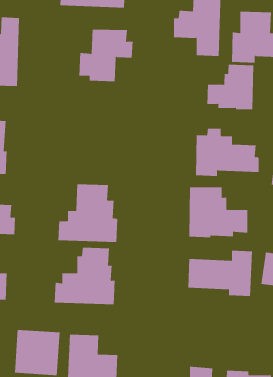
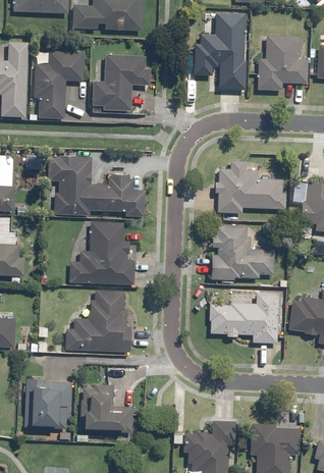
building: none -> [31,51,85,119]
building: [207,64,254,110] -> none
building: none -> [48,157,145,218]

